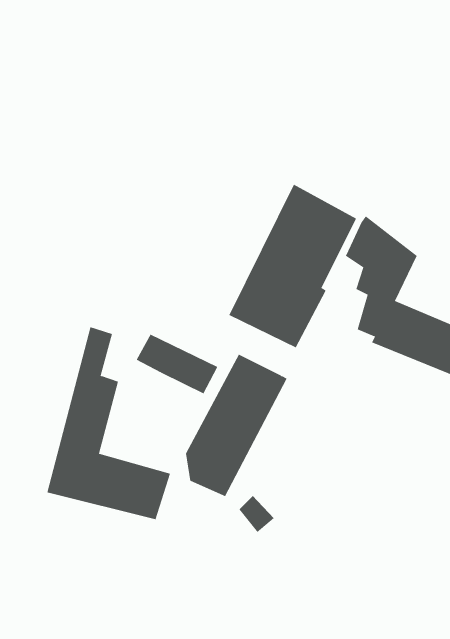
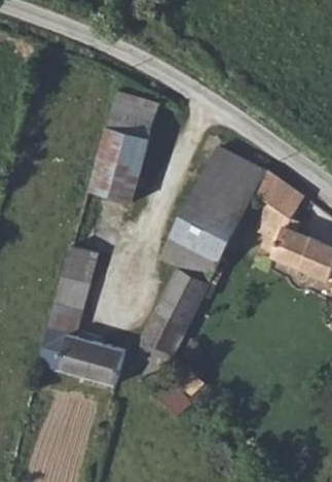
building: none -> [90,88,156,198]
building: [136,334,218,394] -> [159,238,218,281]

